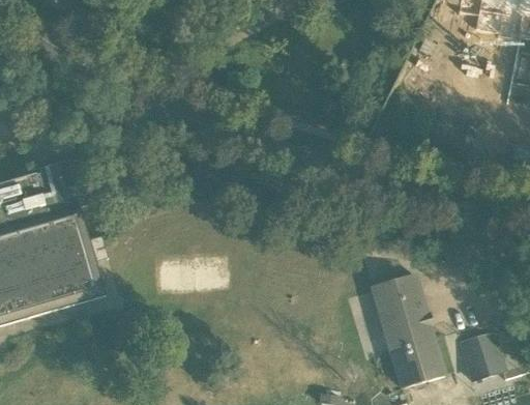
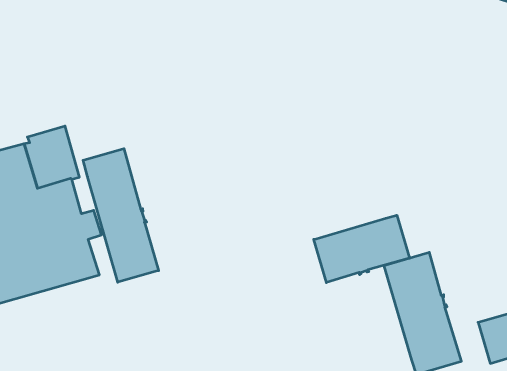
building: none -> [83,149,159,282]
building: none -> [314,215,410,283]

